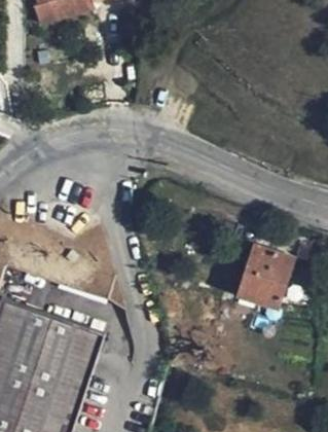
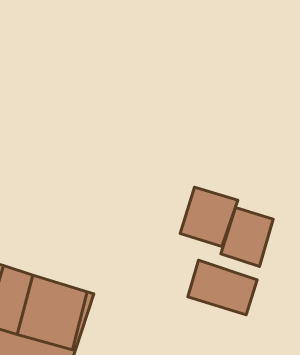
building: none -> [180,187,238,247]
building: none -> [188,260,257,315]

